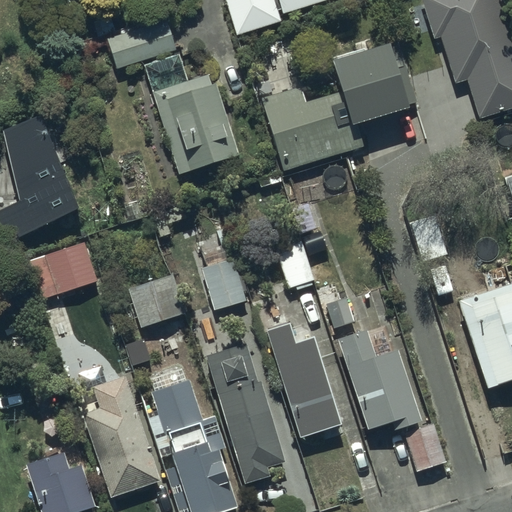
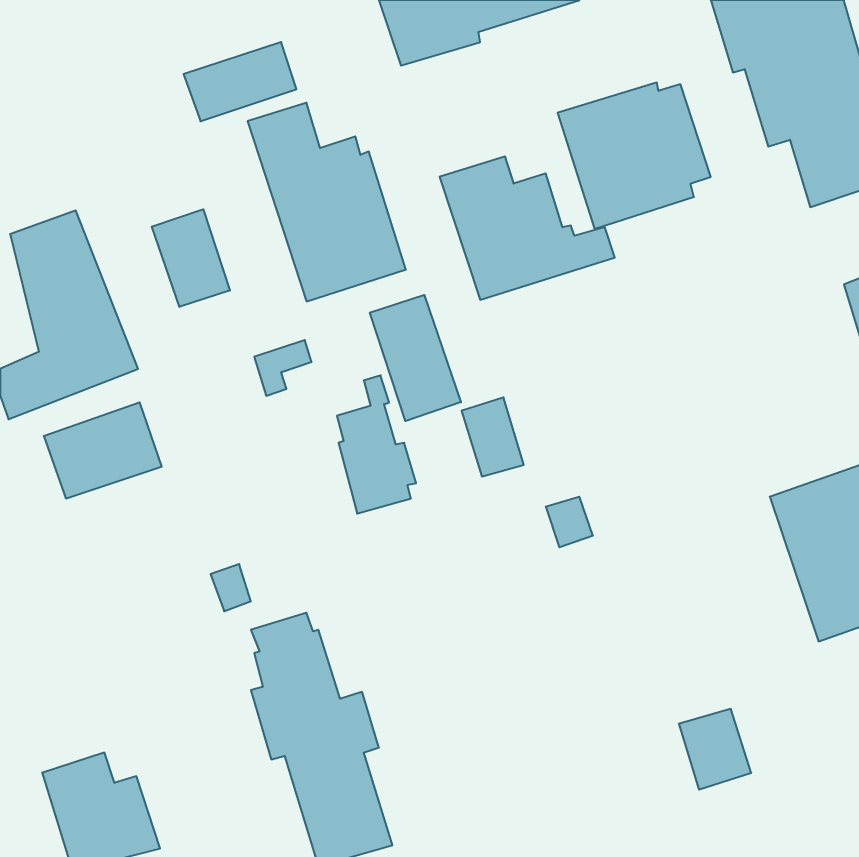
building: none -> [152,209,230,307]
building: none -> [370,295,461,421]
building: [128,272,185,325] -> none
building: [266,321,339,435] -> none
building: [339,328,421,427] -> none
building: [205,342,283,481] -> none
building: [83,373,159,494] -> none

